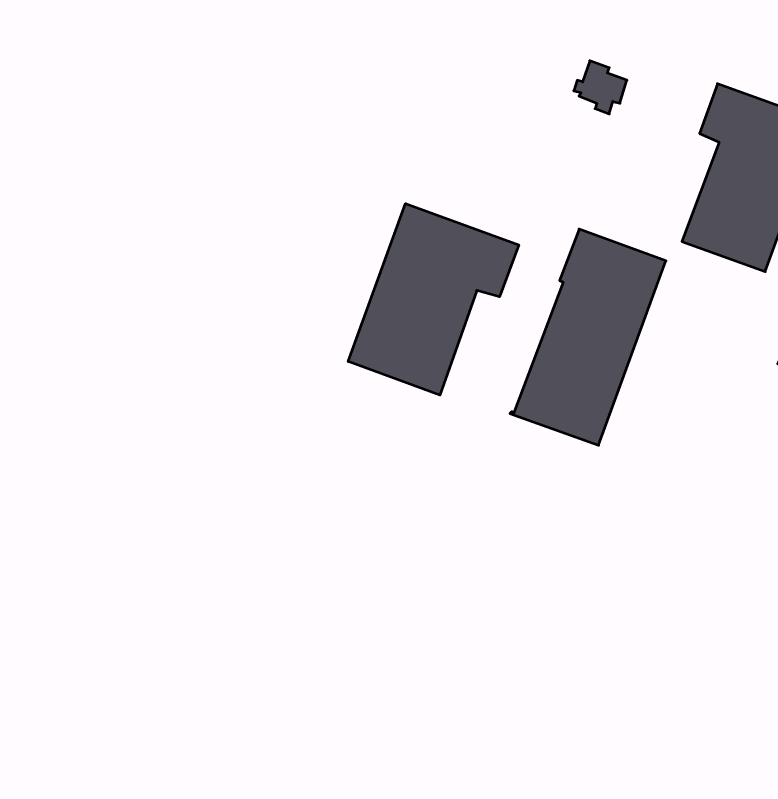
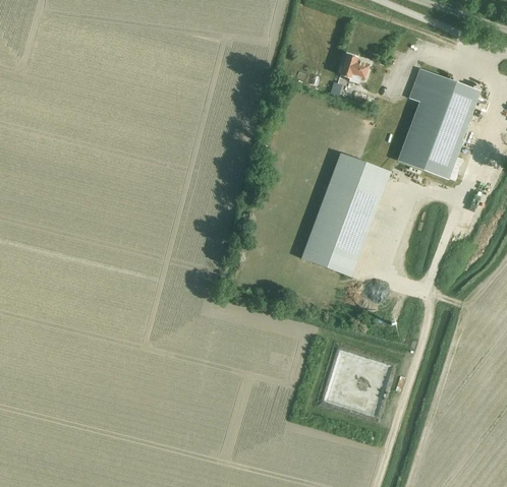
building: [348,204,519,395] -> none

